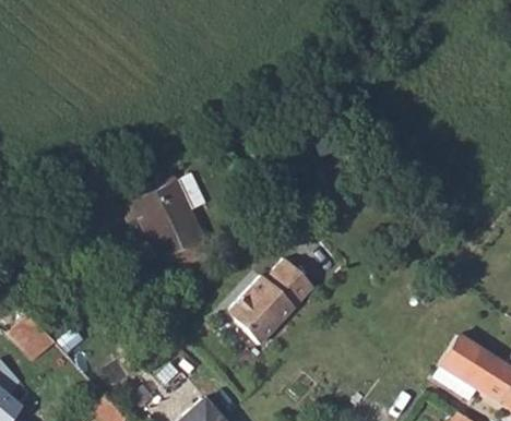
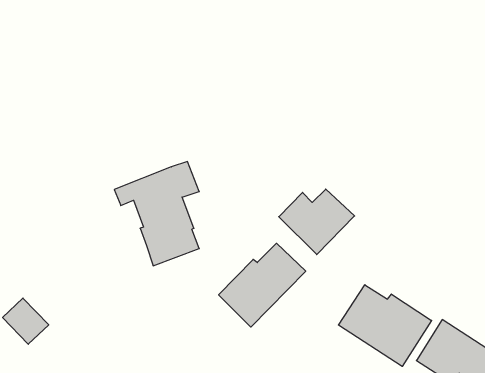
building: none -> [279,189,355,255]
building: none -> [338,285,432,366]

